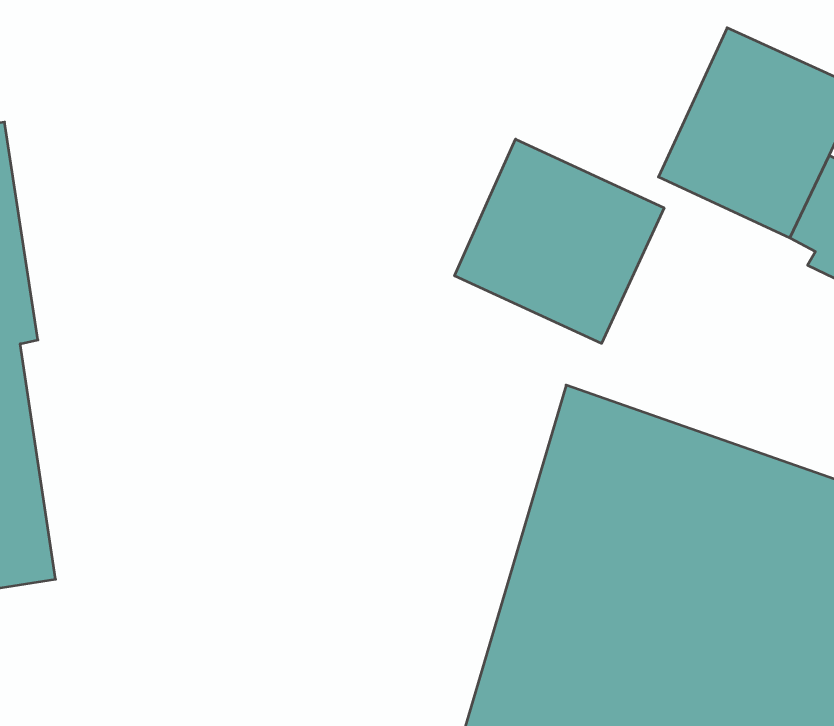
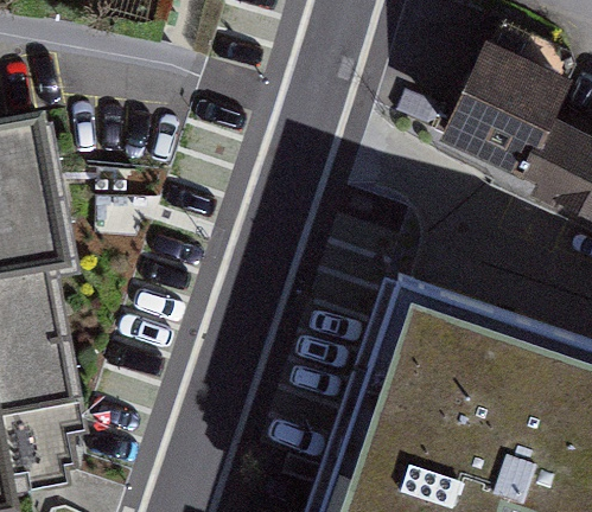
building: [455,139,664,343] -> none

